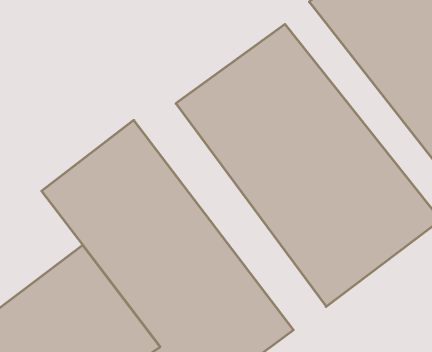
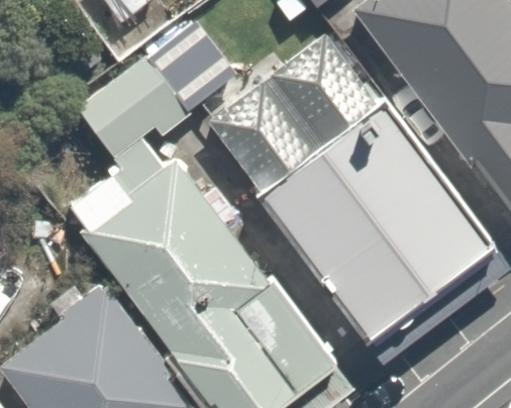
building: none -> [69,27,217,164]

